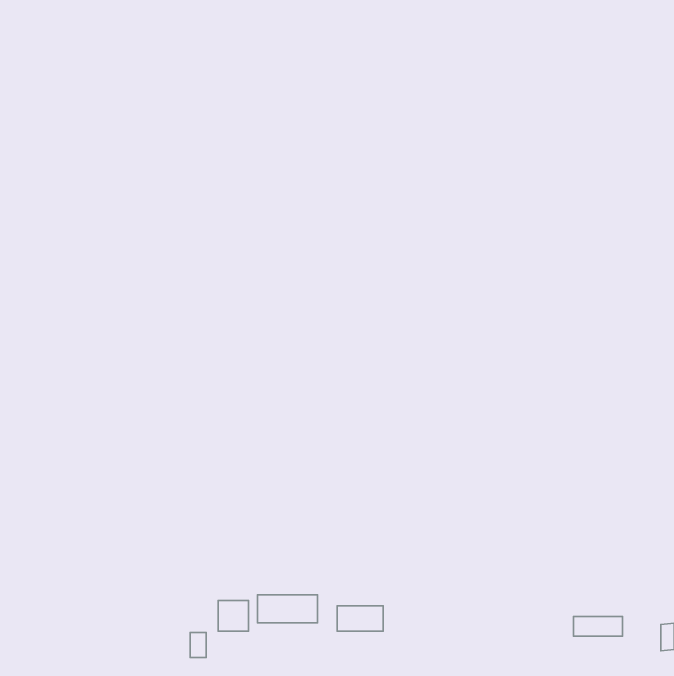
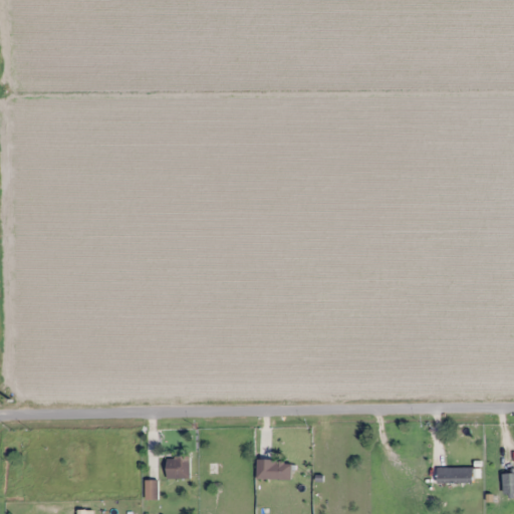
building: [258,595,318,623] -> none

